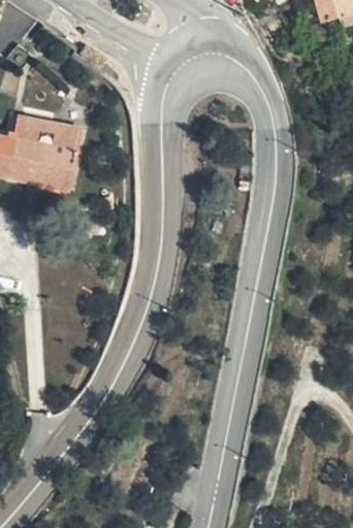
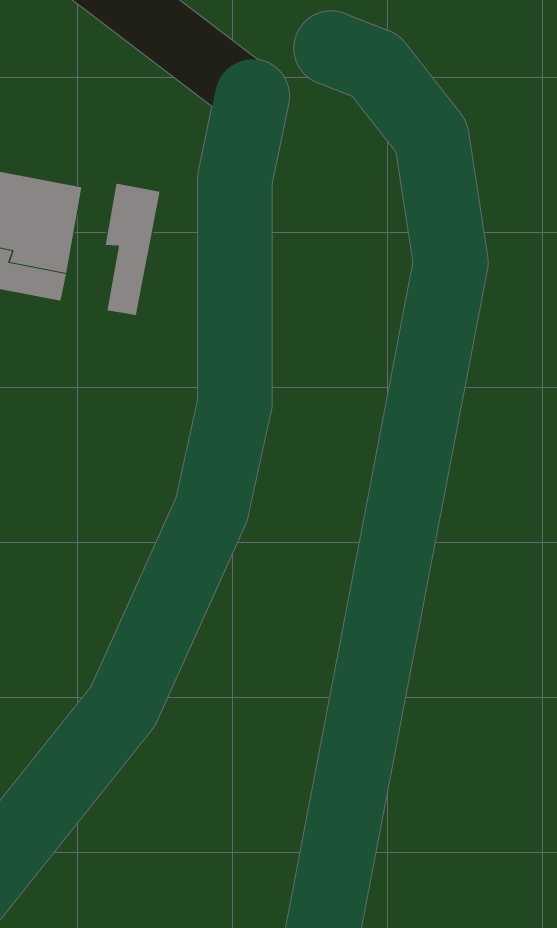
building: none -> [105,183,160,316]

